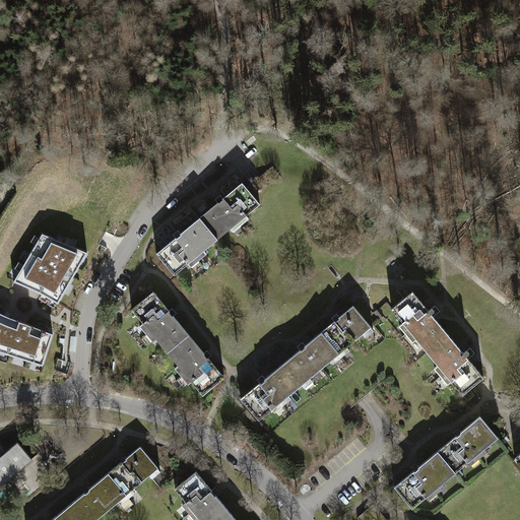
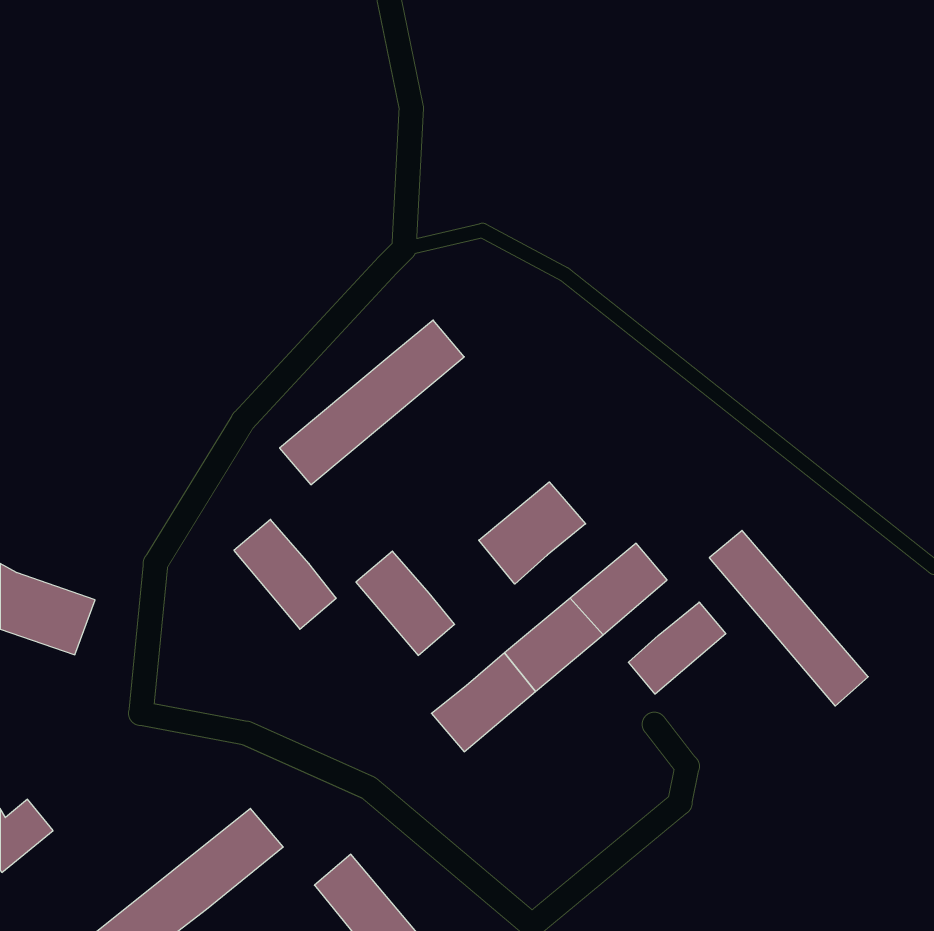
building: [14,235,87,304] -> none
building: none -> [479,482,586,584]
building: [167,334,221,392] -> [356,551,455,655]
building: none -> [628,602,726,694]
building: [397,416,501,510] -> none

